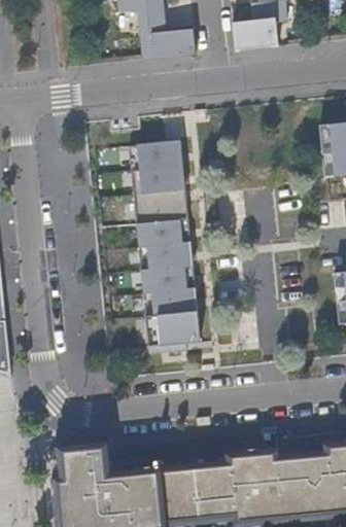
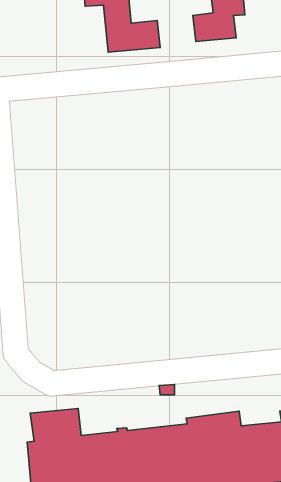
building: [127,140,200,347] -> none

